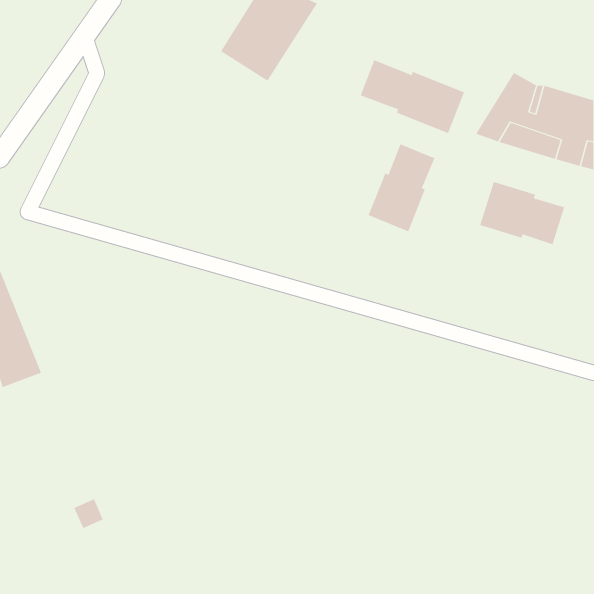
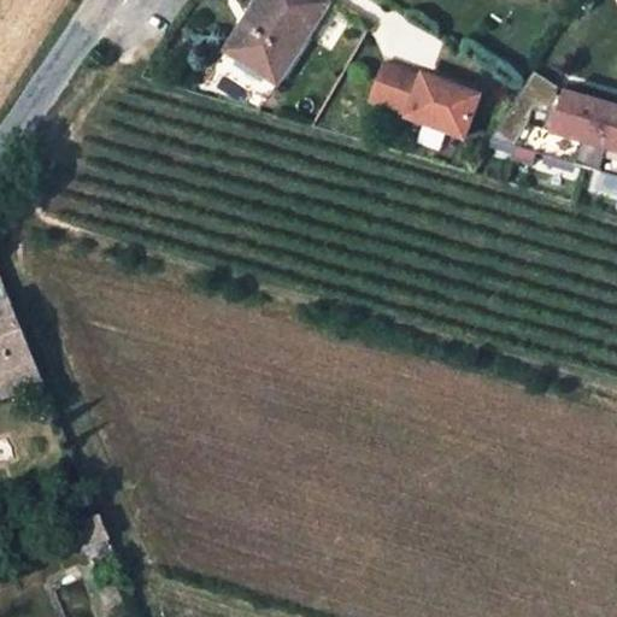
building: [368,143,435,232] -> none
building: [479,181,565,245] -> none

